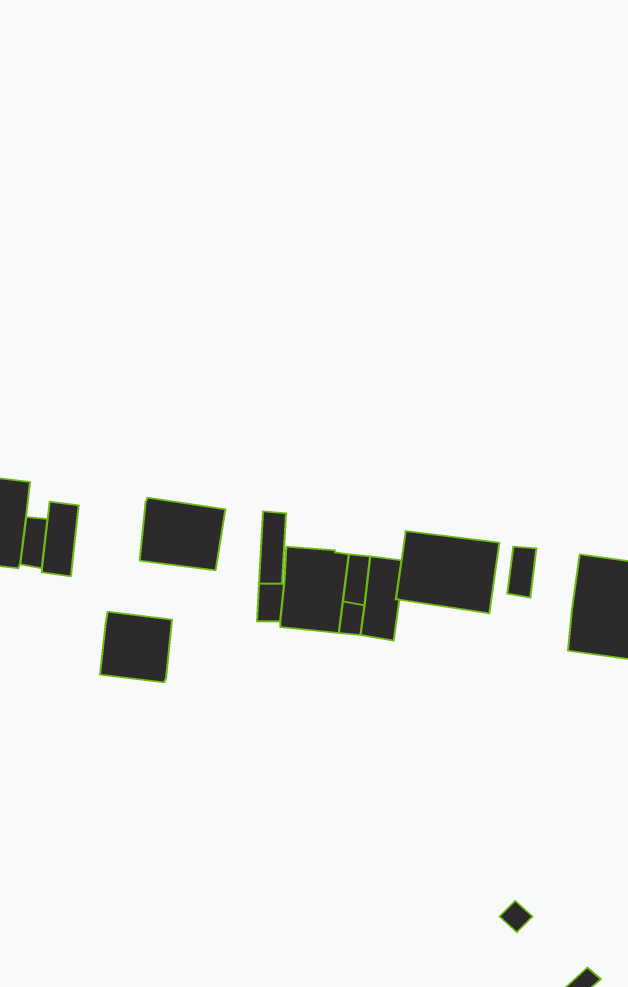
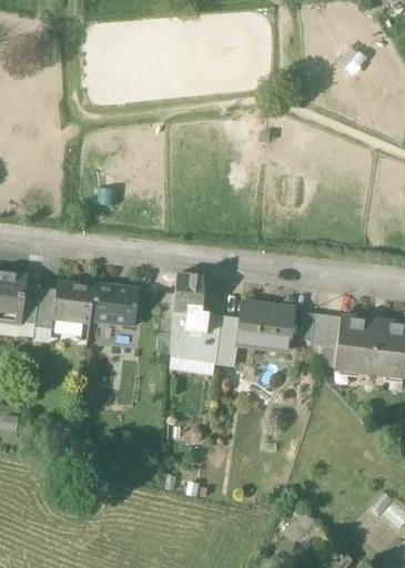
building: none -> [174,273,206,314]
building: none -> [312,313,341,347]
building: [100,612,172,682] -> [53,282,94,322]

